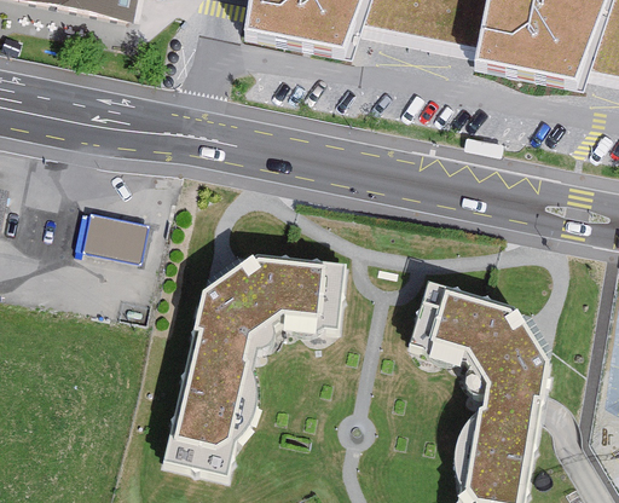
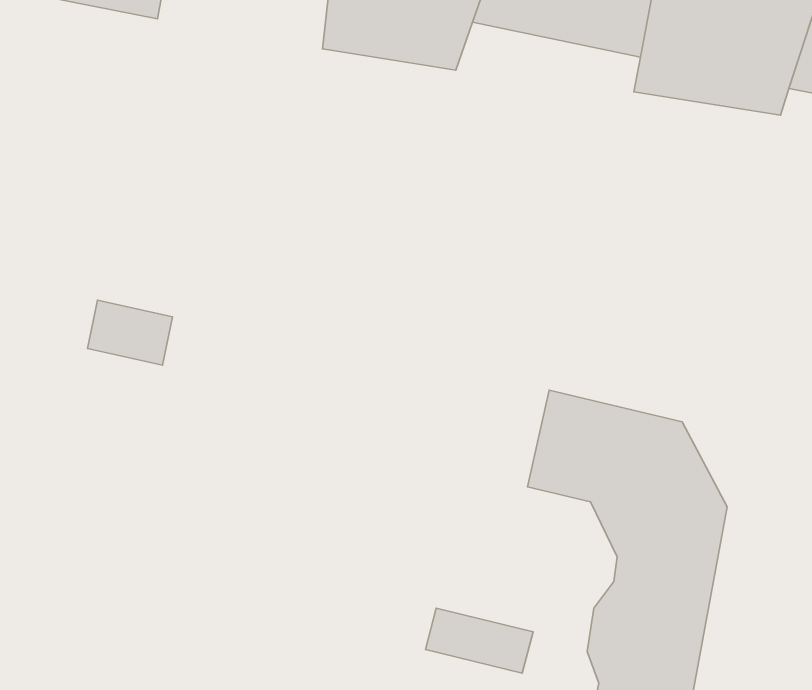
building: [152,255,346,486] -> none
building: none -> [425,608,533,673]

